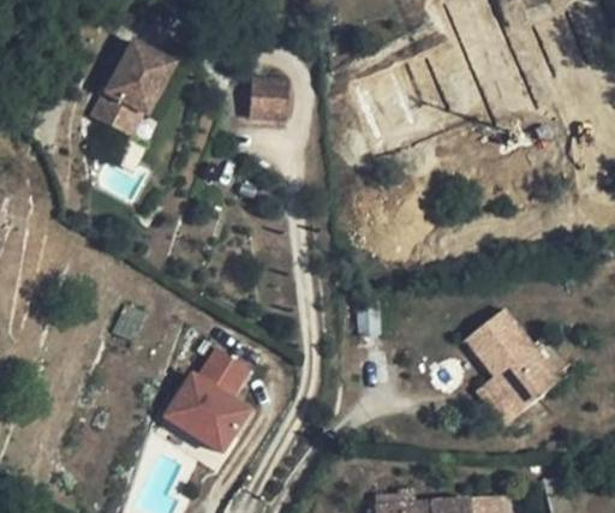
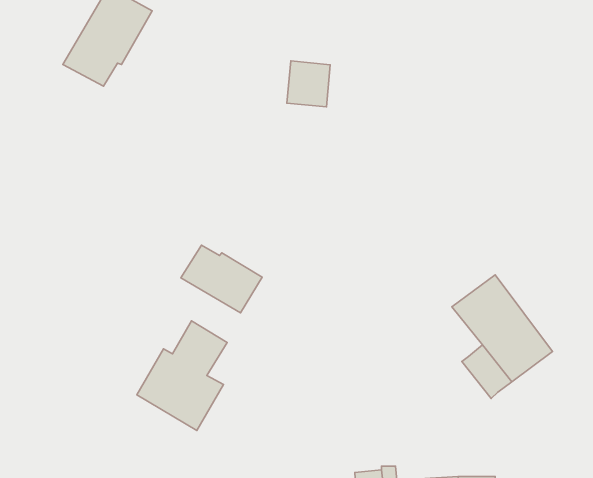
building: [253,74,294,118] -> [287,61,330,107]
building: none -> [181,245,262,313]

